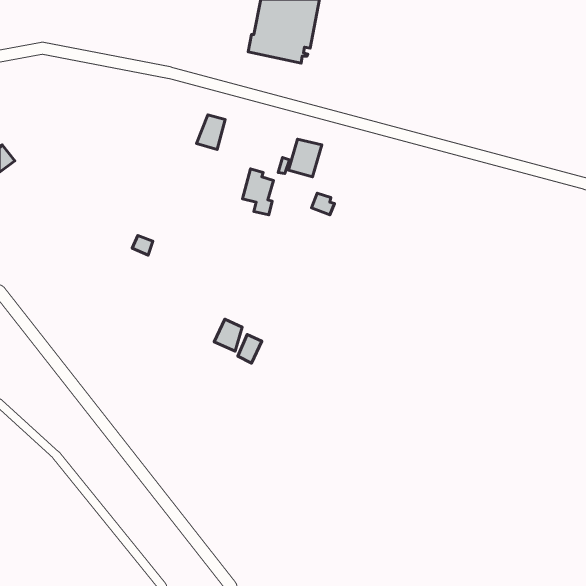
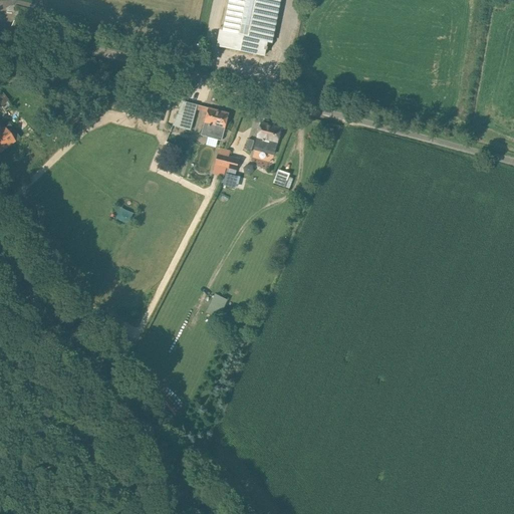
building: none -> [201,106,229,140]
building: [214,319,242,351] -> none

